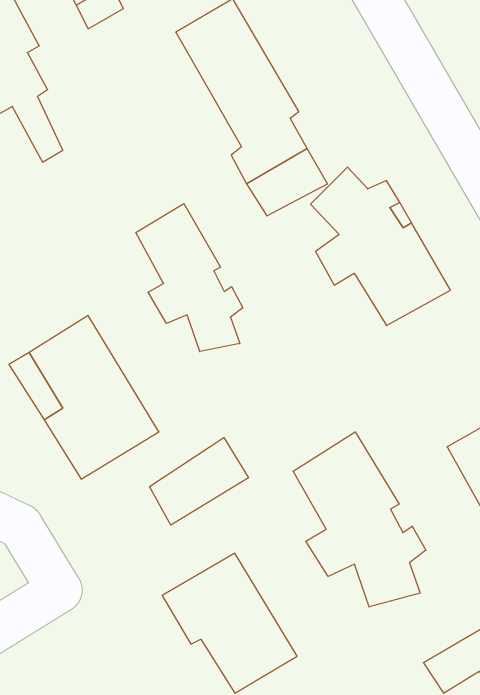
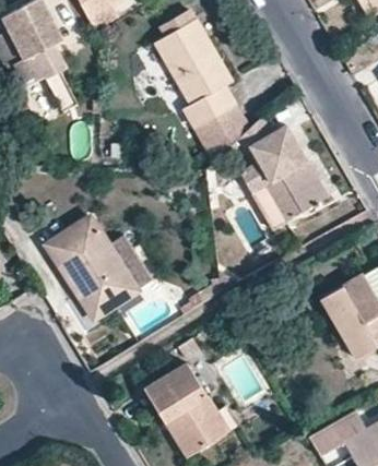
building: [136,204,243,352] -> none
building: [293,432,426,607] -> none
building: [150,438,249,525] -> none

